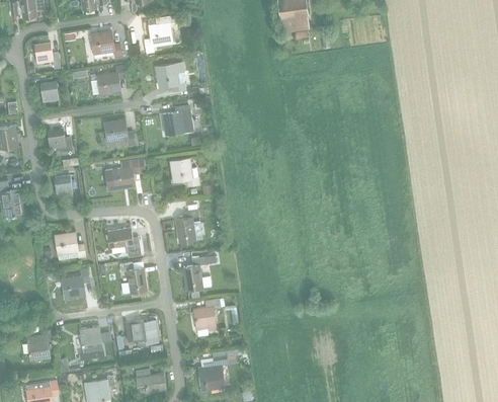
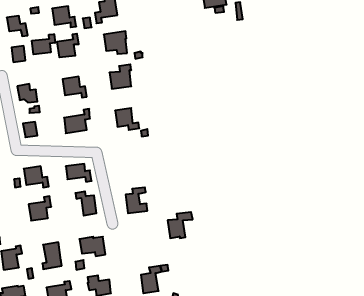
building: none -> [32,34,55,54]
building: [175,210,198,243] -> none
building: [192,299,224,331] -> [168,212,193,238]

